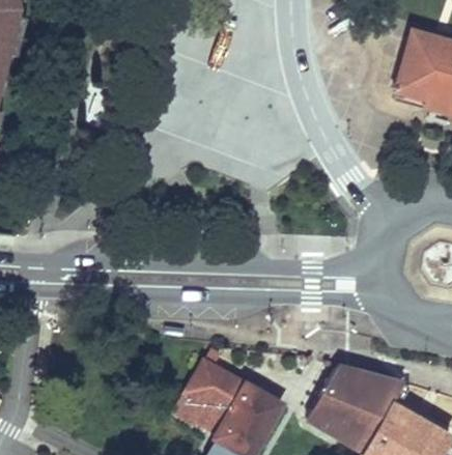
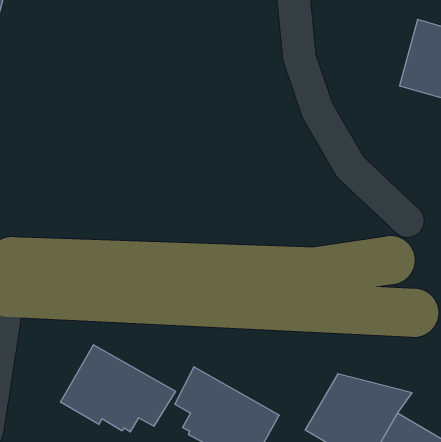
building: none -> [60,345,175,432]

